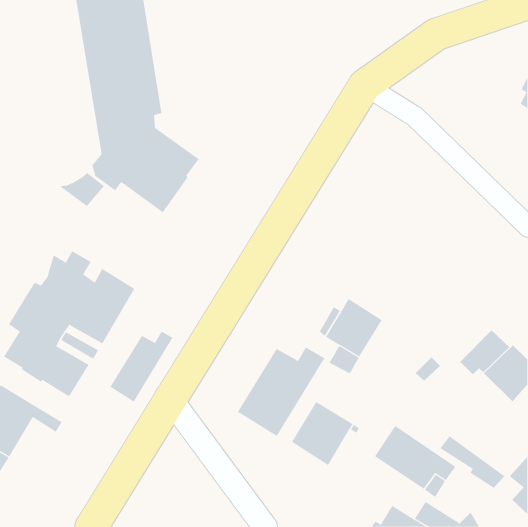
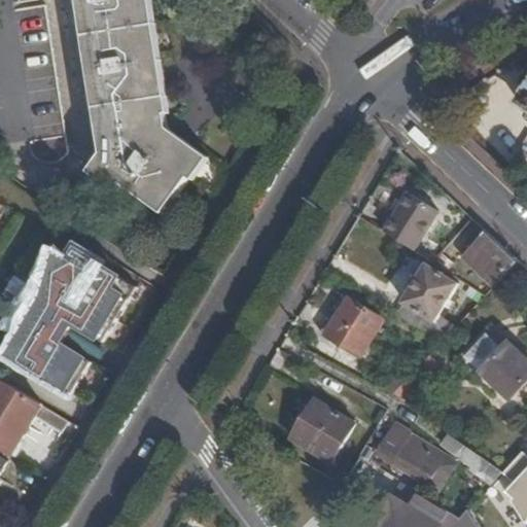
building: none -> [382,189,440,250]
building: none -> [460,225,517,285]
building: none -> [394,262,456,341]
building: [109,331,173,402] -> none
building: [237,347,325,437] -> none

